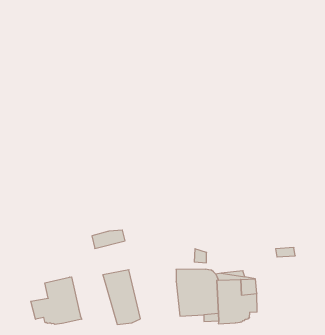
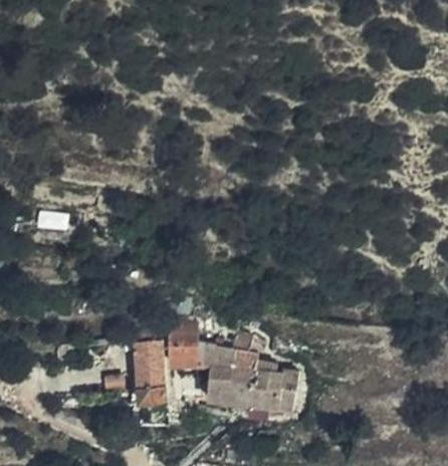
building: none -> [168,326,213,365]
building: [31,277,82,324] -> none

